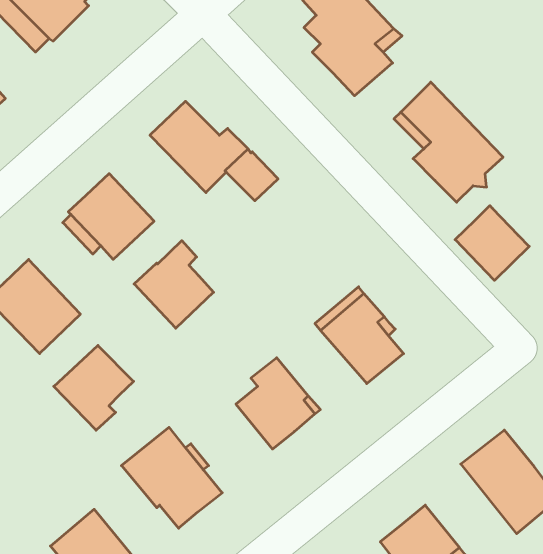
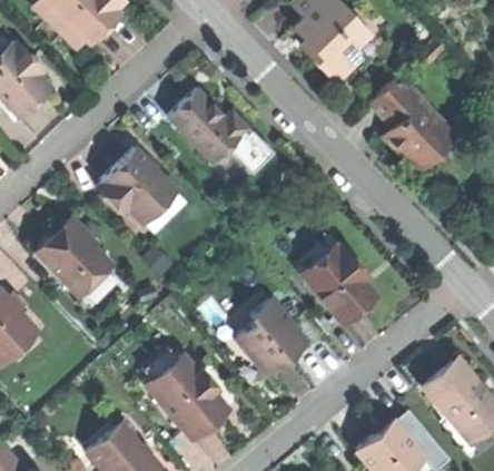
building: [455,206,529,280] -> none
building: [134,241,214,328] -> none
building: [54,345,134,430] -> none

